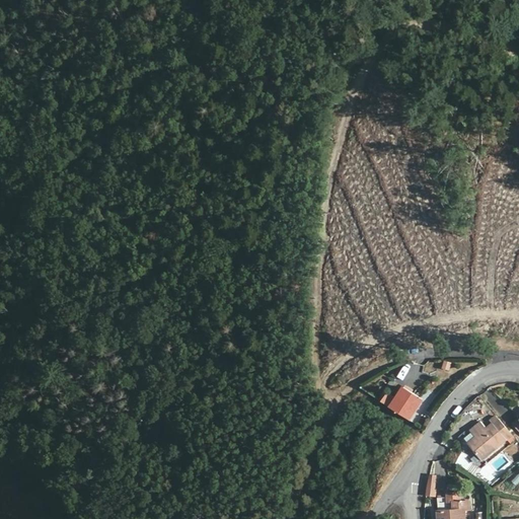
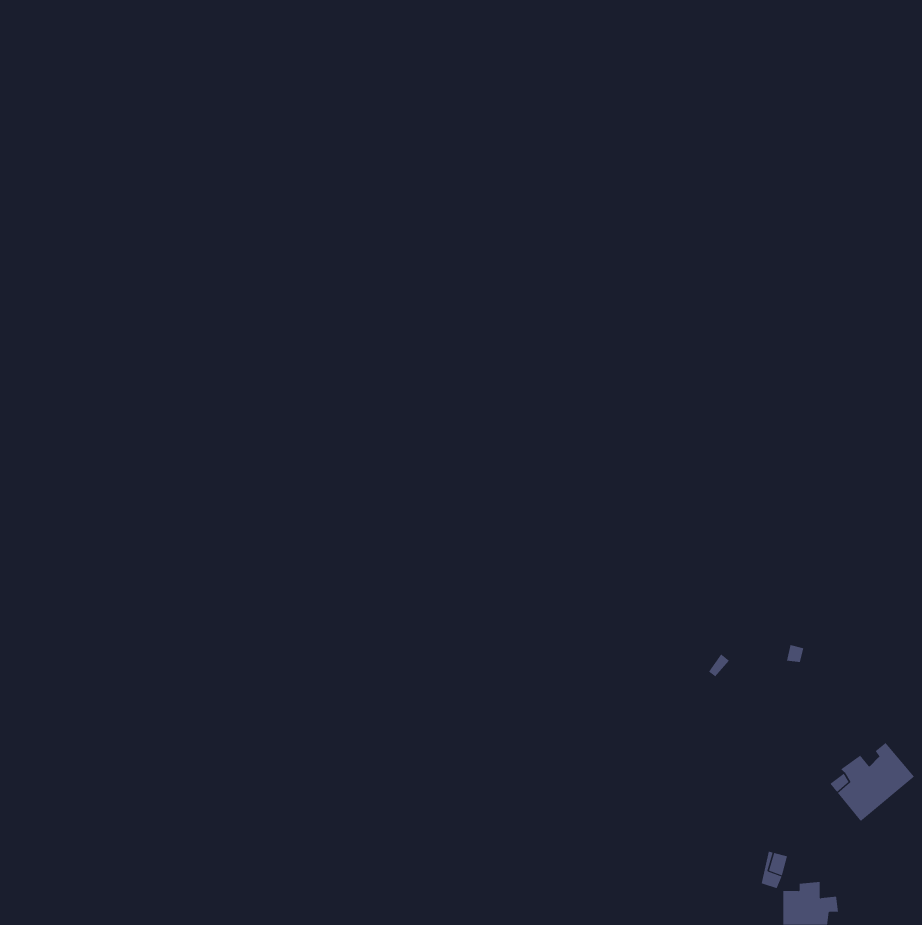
building: [391,388,422,421] -> none

